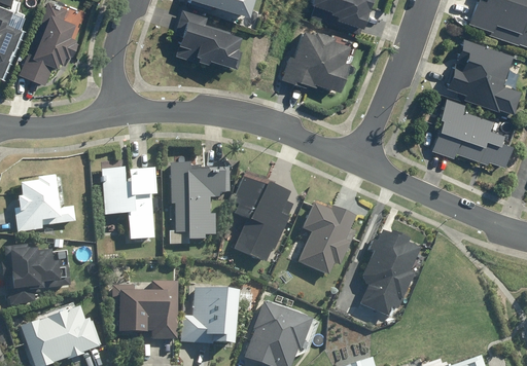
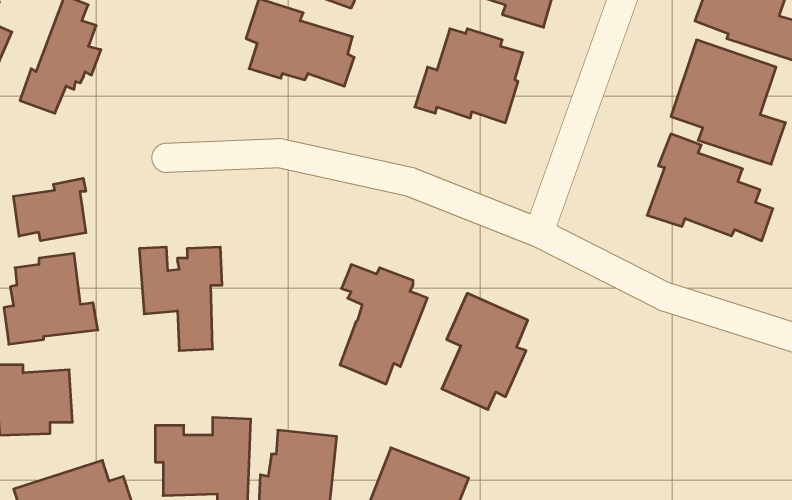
building: none -> [13,178,86,241]
building: [172,167,224,237] -> none
building: [360,230,419,317] -> none

